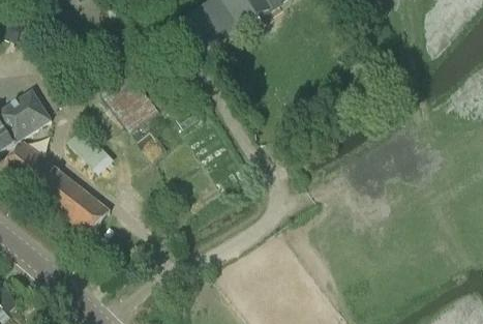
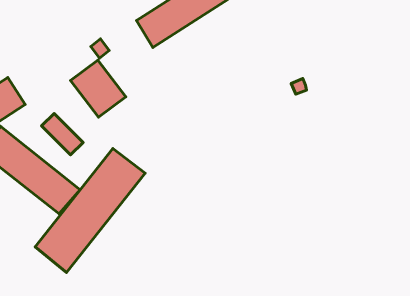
building: none -> [35,149,145,272]

